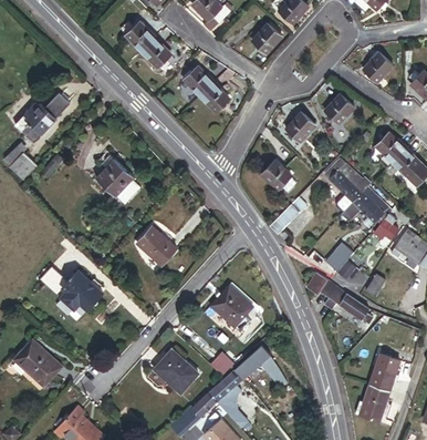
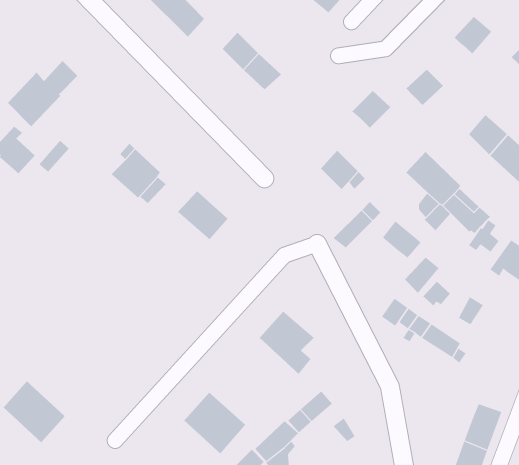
building: none -> [382,221,422,258]
building: [136,226,176,265] -> [177,190,228,240]
building: [56,269,101,311] -> none

